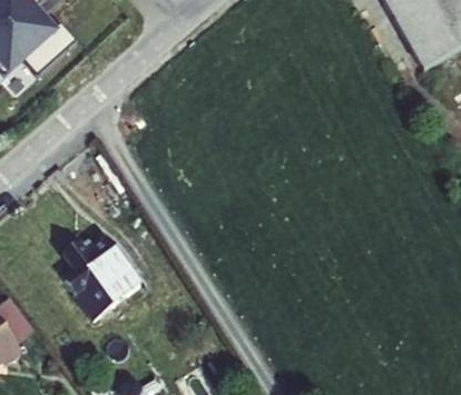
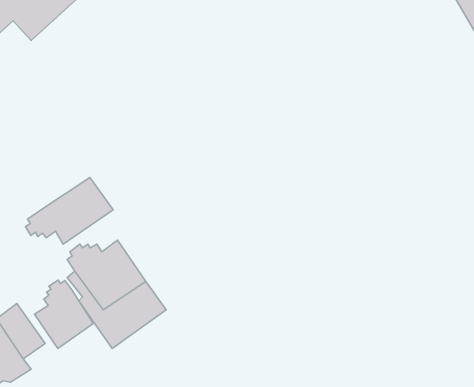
building: none -> [26,177,113,244]
building: none -> [34,280,93,349]

